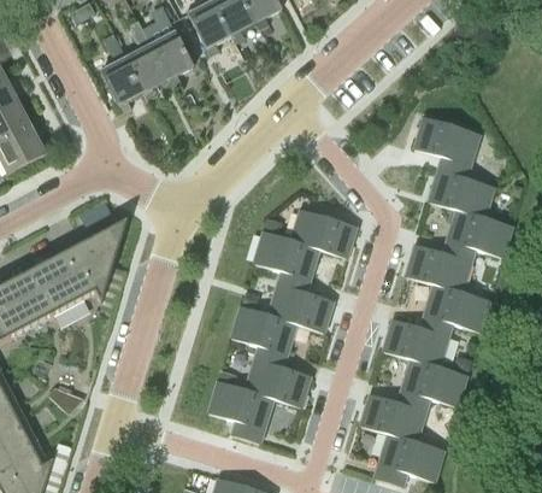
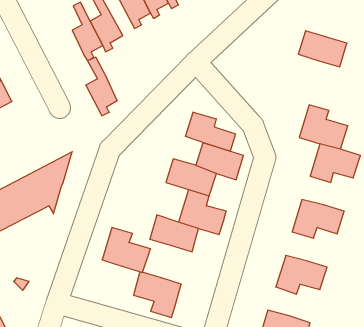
building: [100,34,142,112] -> [86,57,117,116]
building: [414,117,479,165] -> [298,31,347,67]
building: none -> [186,112,236,151]
building: [407,245,472,292] -> none
building: [384,319,449,366] -> none
building: [246,346,311,406] -> [102,227,151,272]
building: [360,393,426,440] -> none

